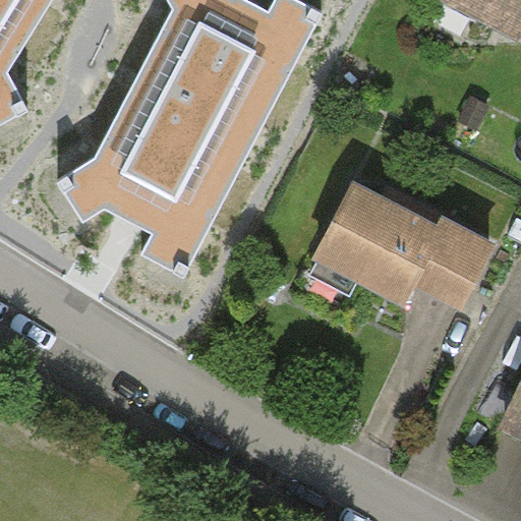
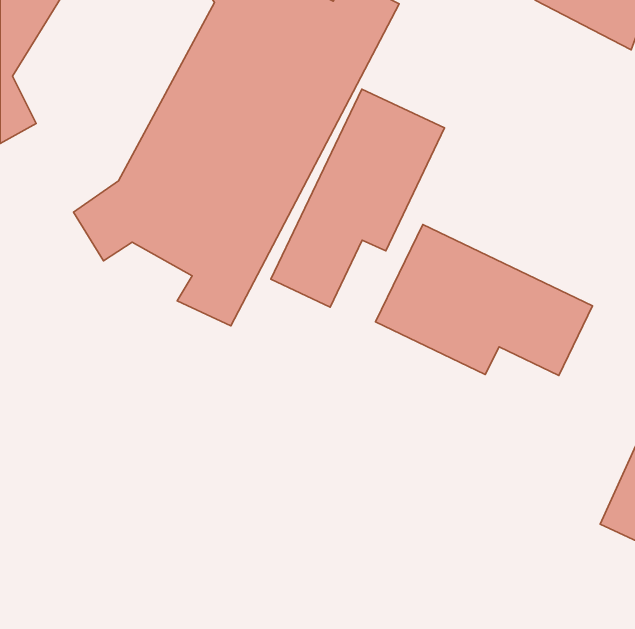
building: none -> [271,89,445,307]

